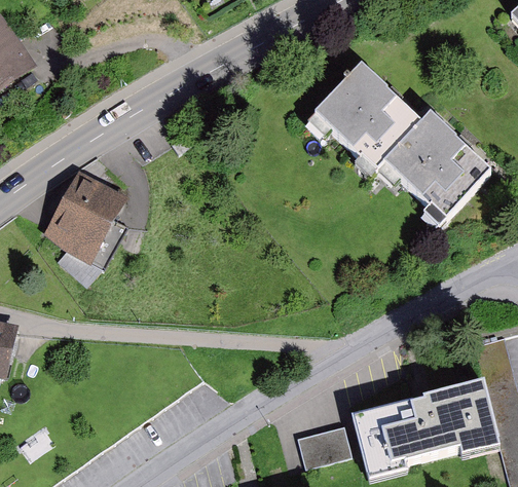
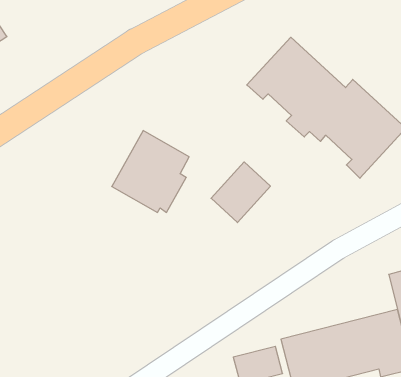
building: [43,168,132,262] -> [112,131,189,212]
building: none -> [211,162,270,223]

